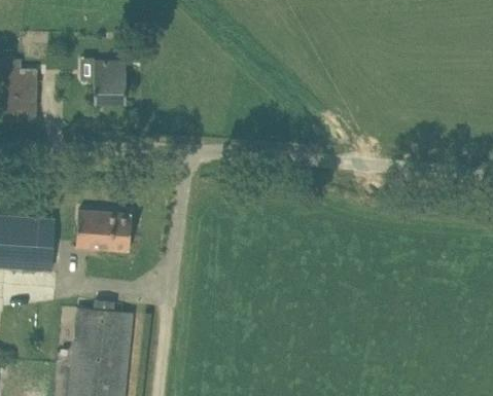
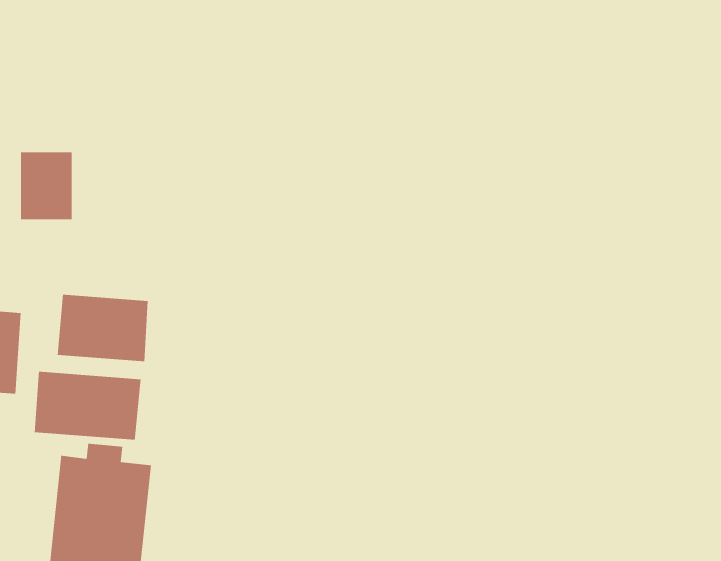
building: [94,61,126,102] -> [20,152,73,220]
building: none -> [34,371,141,440]

